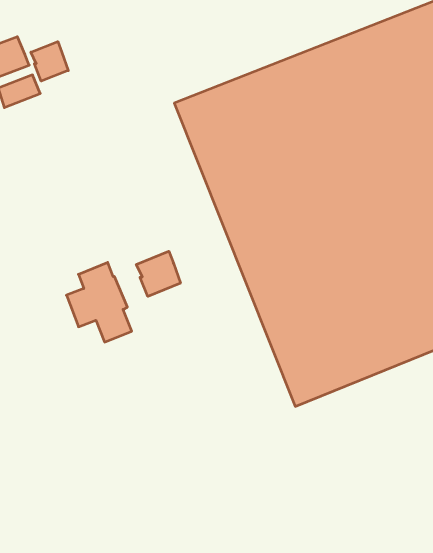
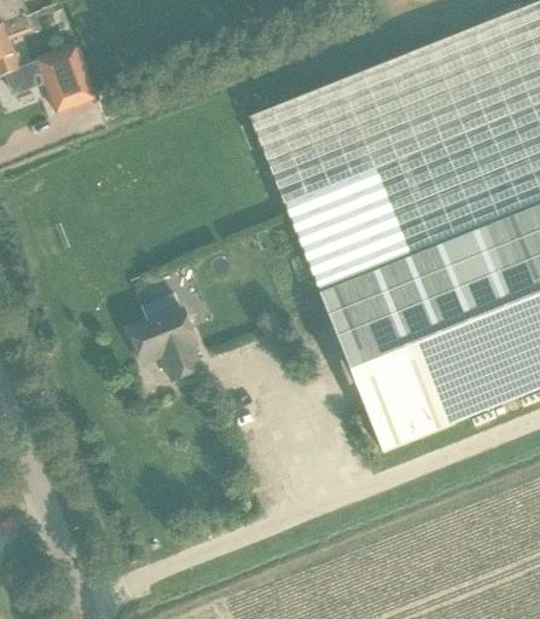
building: [31,42,68,81] -> none
building: [136,251,180,296] -> none

